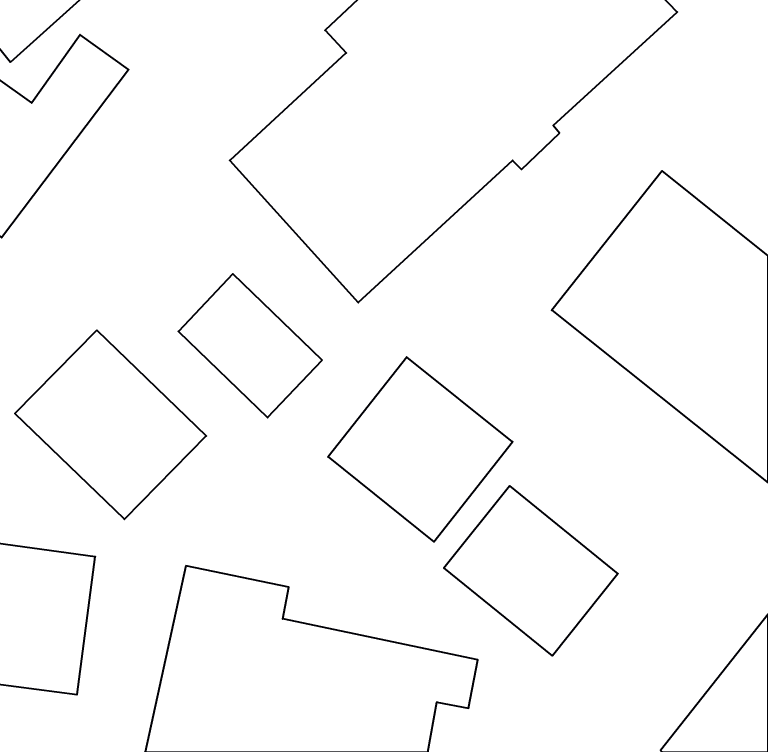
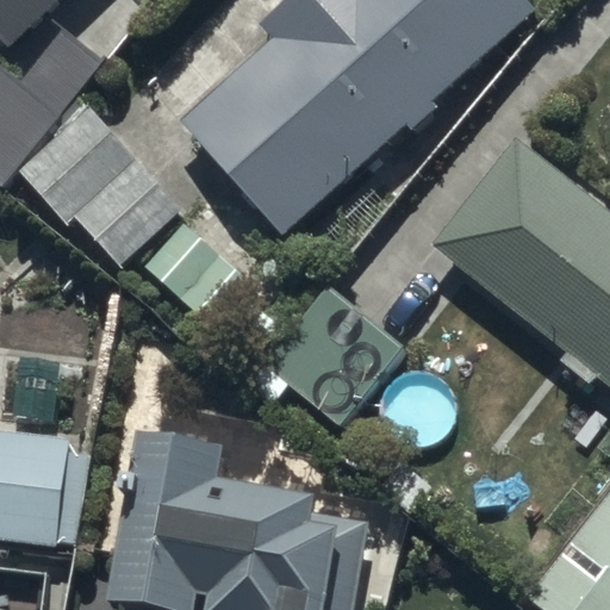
building: none -> [18,108,179,266]
building: [15,330,206,519] -> none
building: [444,486,618,656] -> none

